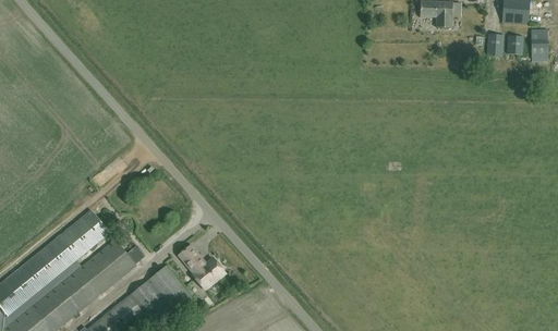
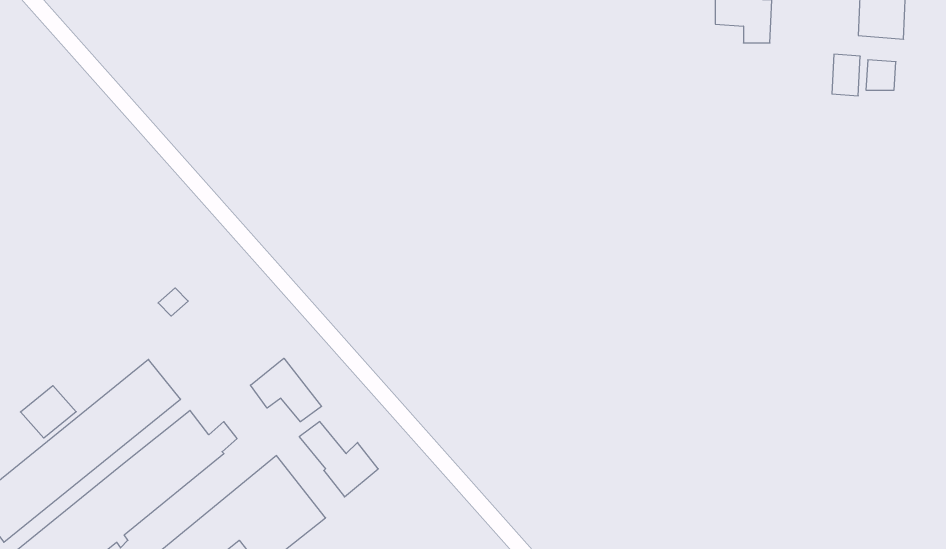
building: [531,28,548,58] -> none
building: none -> [250,358,322,422]
building: none -> [20,386,76,438]

